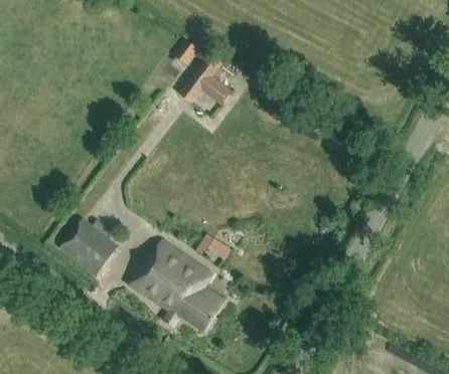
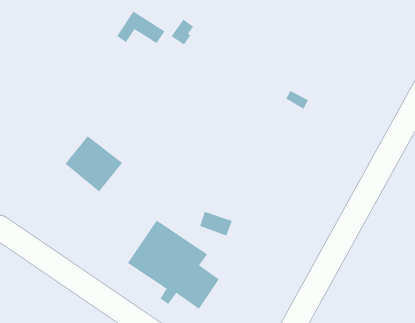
building: [179,67,230,102] -> [116,10,166,44]
building: [58,217,118,275] -> [65,135,123,193]

